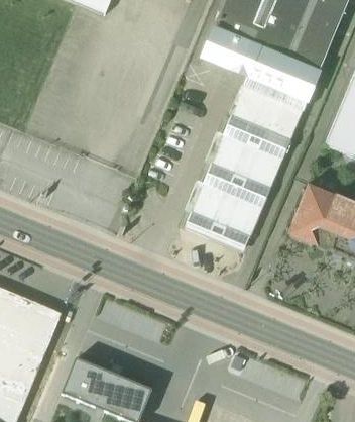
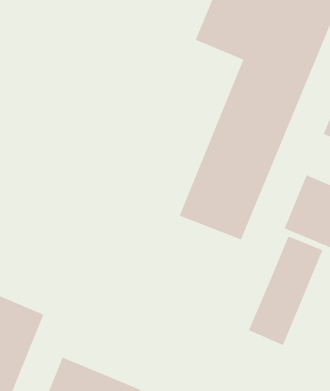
building: none -> [248,236,323,346]

